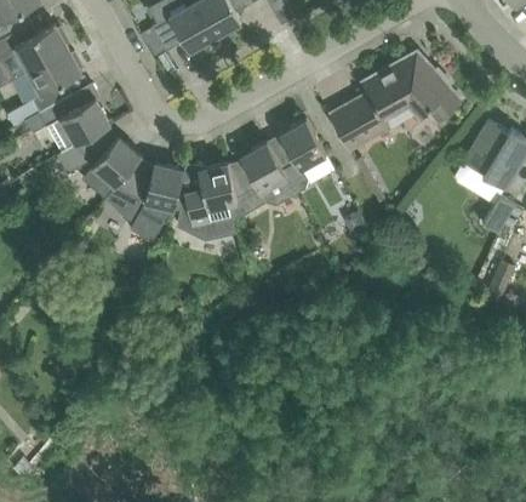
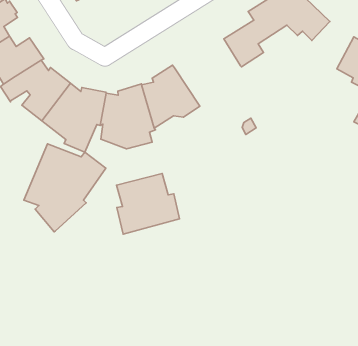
building: [268,120,325,194] -> none
building: none -> [24,144,106,232]
building: none -> [117,173,180,234]

